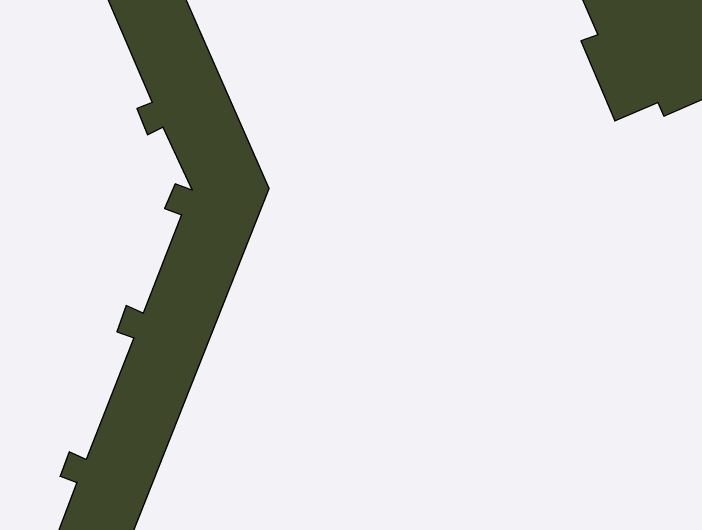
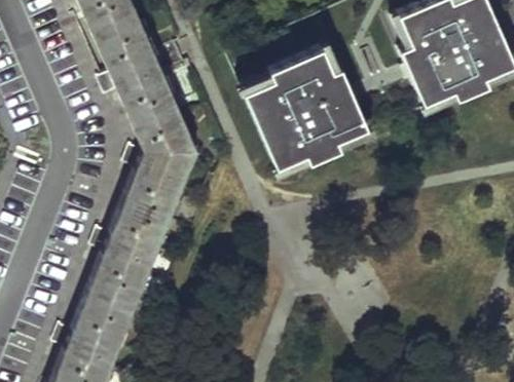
building: none -> [247,50,368,170]

